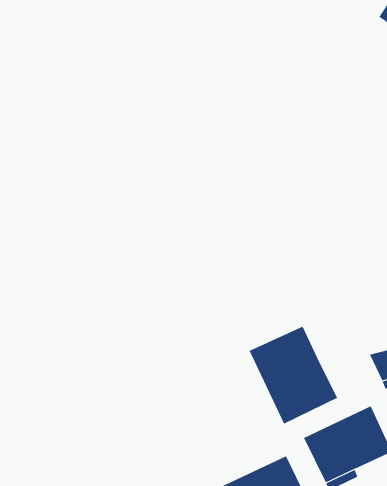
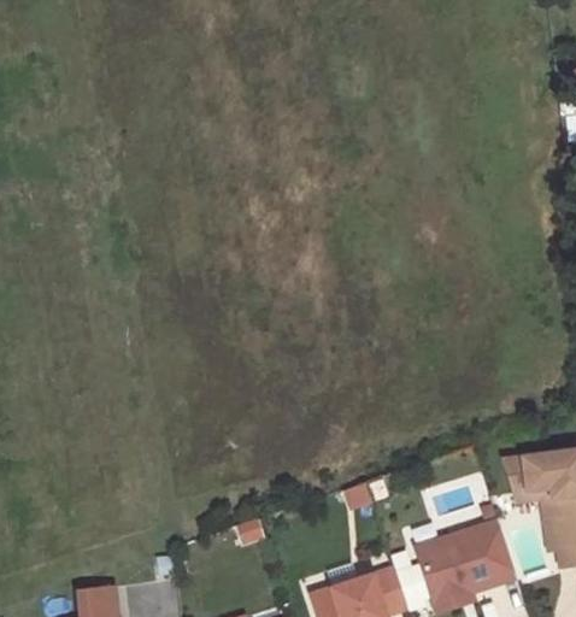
building: [249,326,338,424] -> none

